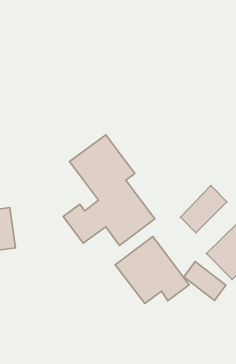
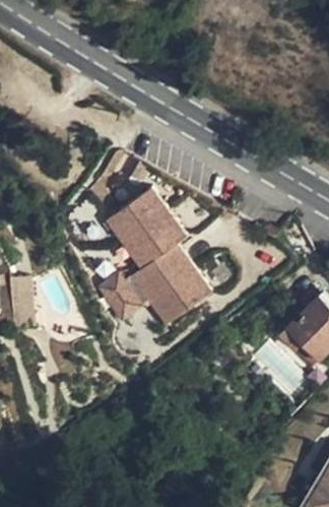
building: [180,186,227,233] -> none
building: [115,236,189,303] -> none

